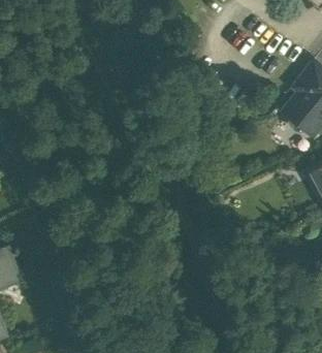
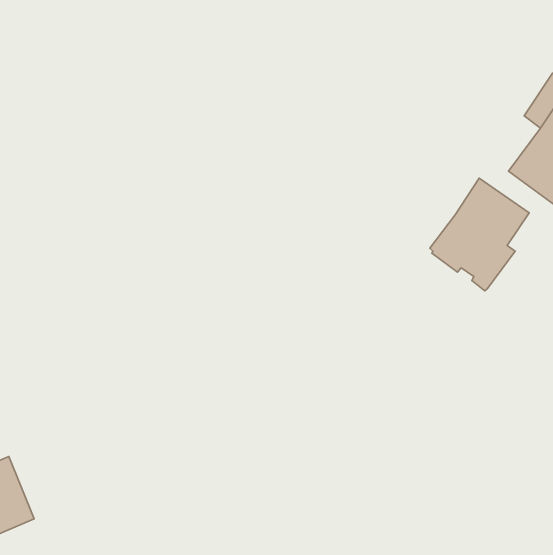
building: none -> [430,178,529,291]

